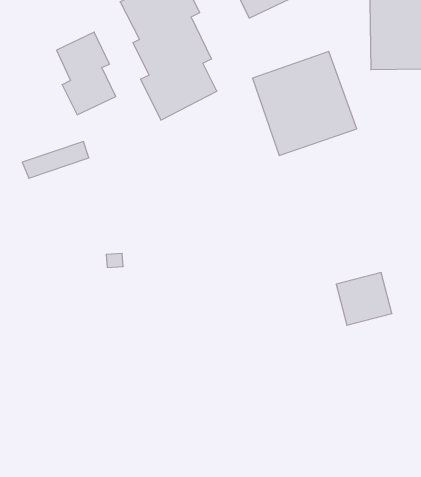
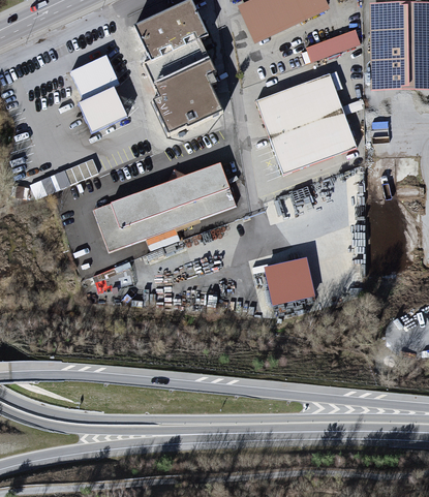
building: none -> [308,29,363,63]
building: none -> [93,161,237,252]
building: [336,273,392,325] -> [263,256,316,307]

